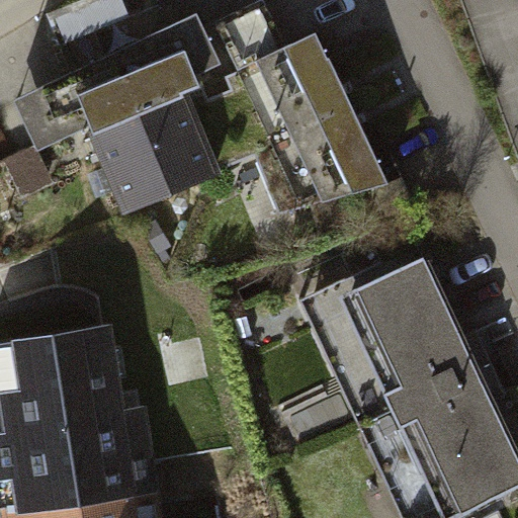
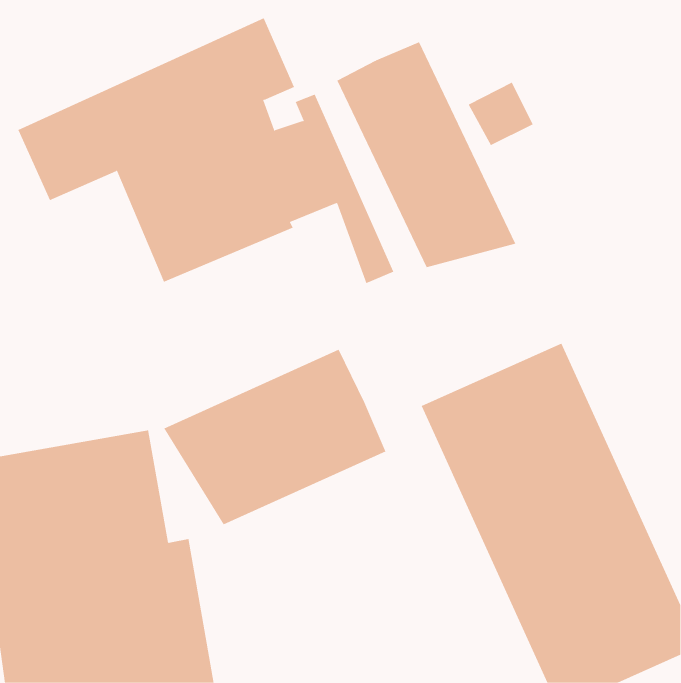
building: none -> [164,349,386,525]

